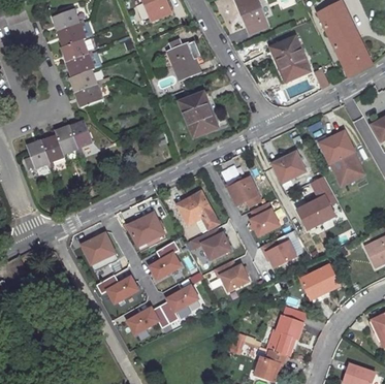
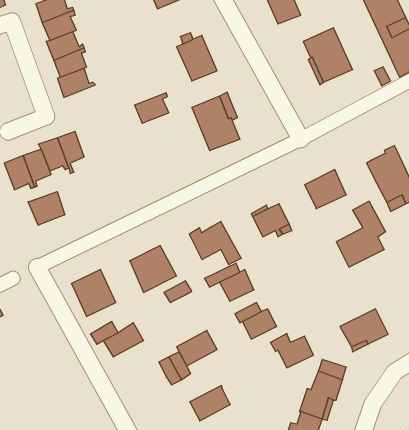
building: [74,83,102,107] -> [134,93,169,123]
building: none -> [28,192,65,225]
building: [250,202,279,236] -> none
building: [260,239,295,267] -> [270,334,313,368]
building: [149,254,181,282] -> none
building: [125,306,158,334] -> [190,385,230,421]

